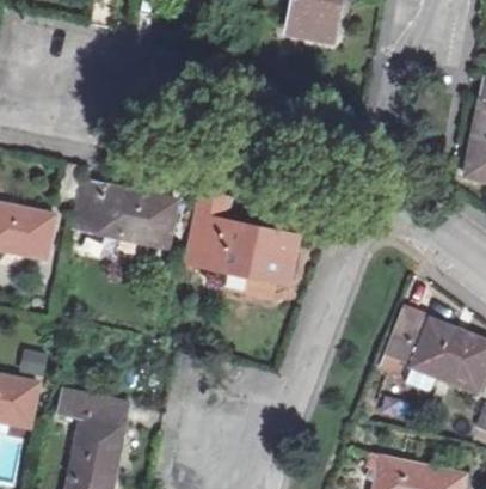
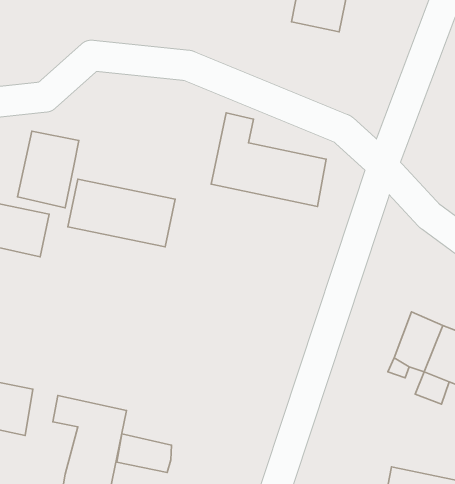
building: none -> [18,131,79,208]
building: [185,192,295,282] -> [211,113,326,207]
building: none -> [117,434,171,472]

